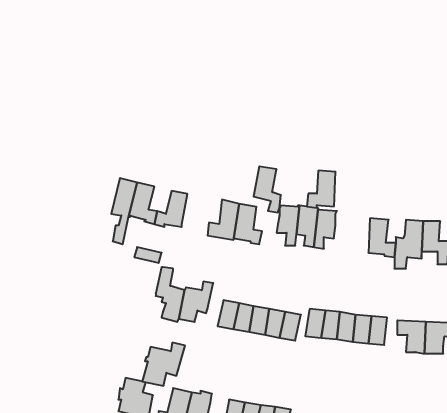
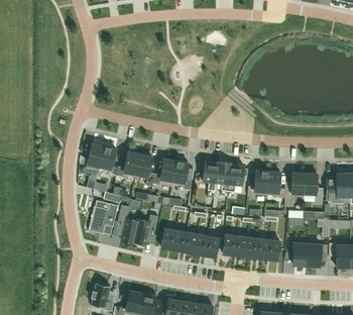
building: [254,166,281,212] -> [136,153,155,186]
building: [307,171,336,208] -> [248,170,268,196]
building: [142,343,185,386] -> [89,203,119,233]

